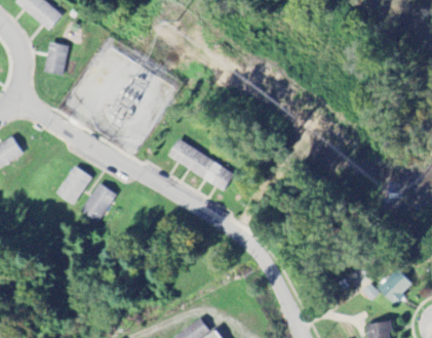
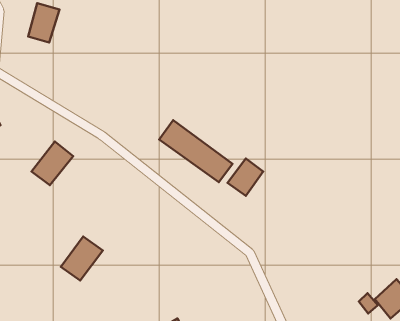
building: none -> [228,158,263,196]
building: [81,182,118,222] -> [61,237,103,281]

